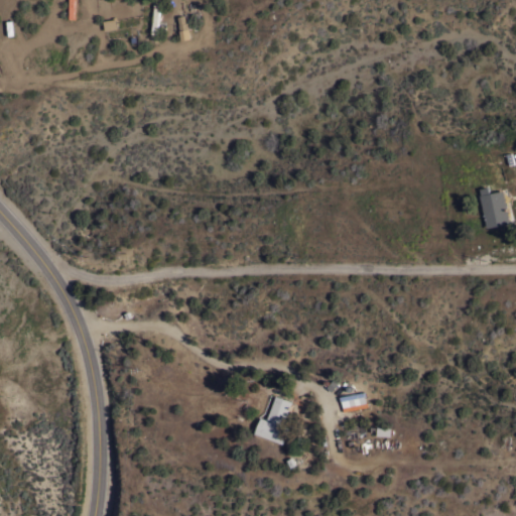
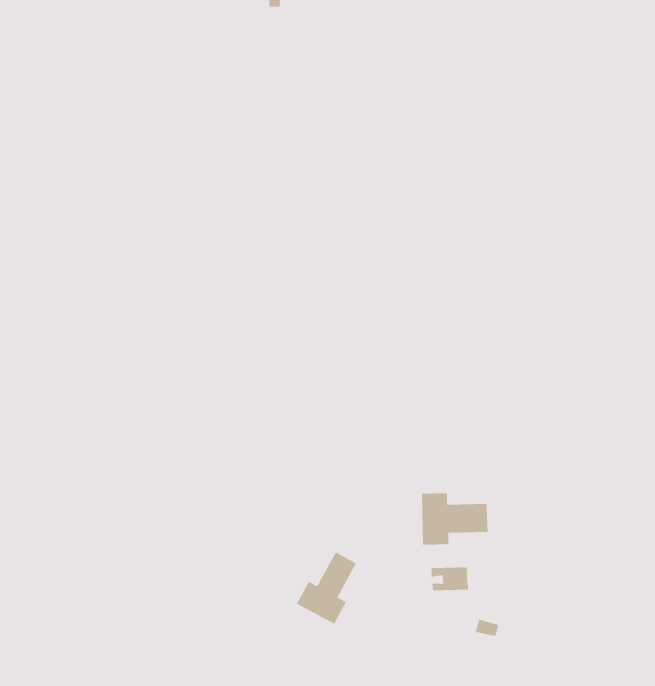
building: none -> [421,493,488,546]

